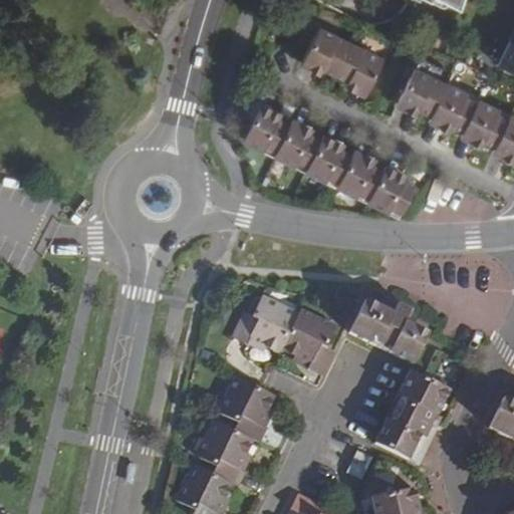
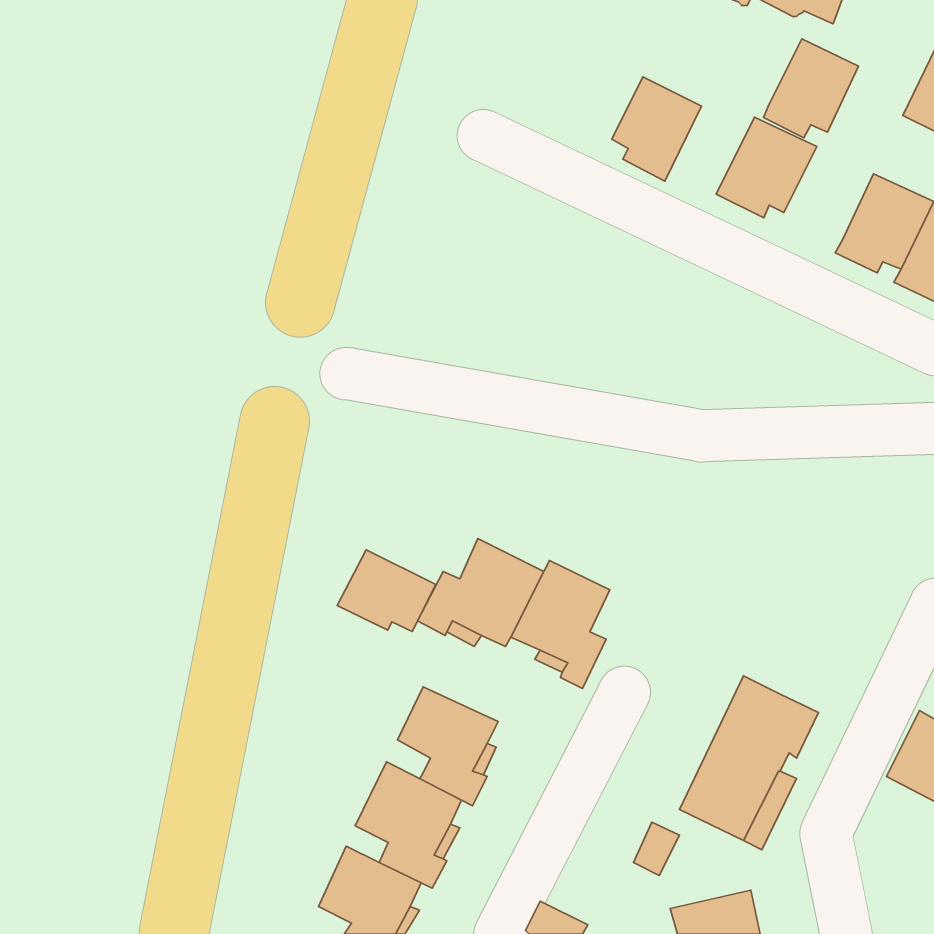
building: [300,26,353,78] -> none
building: [428,80,480,135] -> [763,39,859,138]
building: [242,100,415,214] -> none
building: none -> [337,550,436,631]
building: [347,302,427,363] -> none

